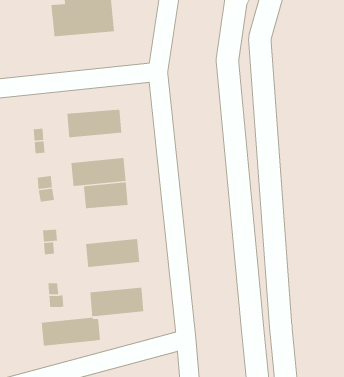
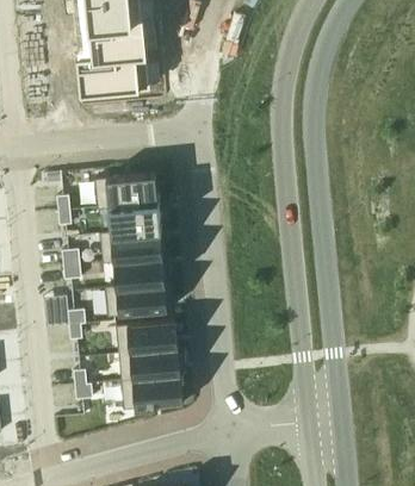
building: none -> [98,201,161,235]
building: none -> [106,284,168,317]
building: [41,317,101,346] -> [119,348,187,381]

